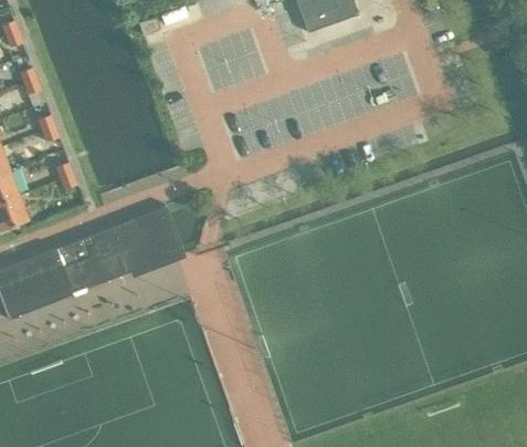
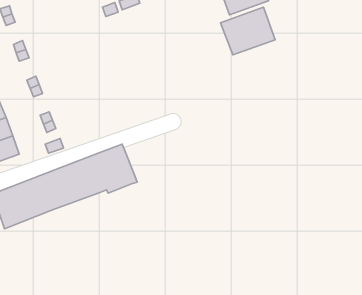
building: none -> [221,7,275,55]

